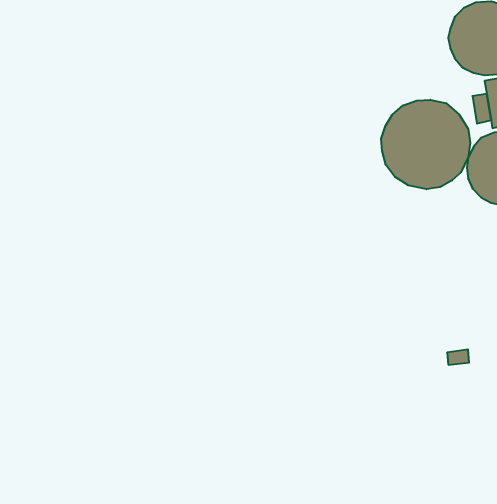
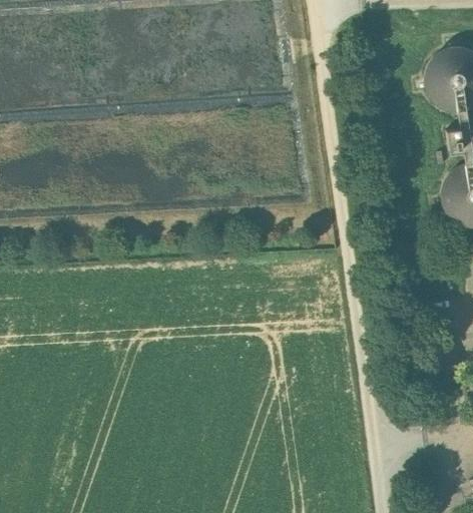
building: [381,100,470,189] -> none

